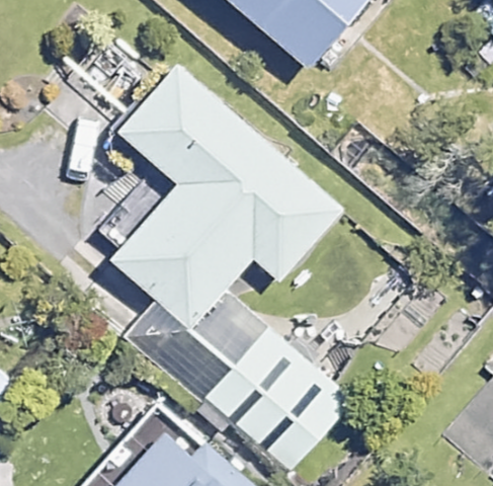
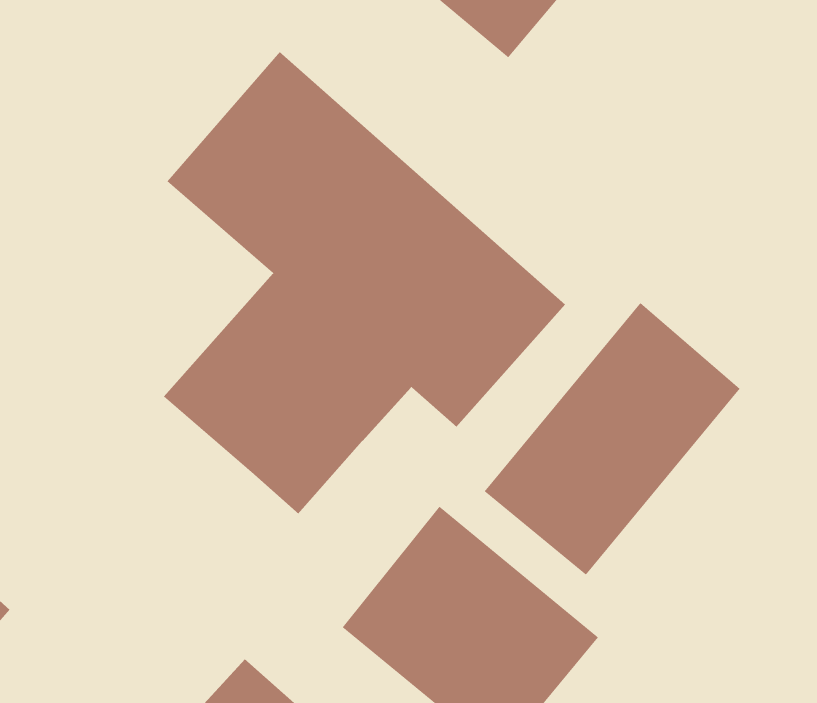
building: none -> [484,302,740,575]

